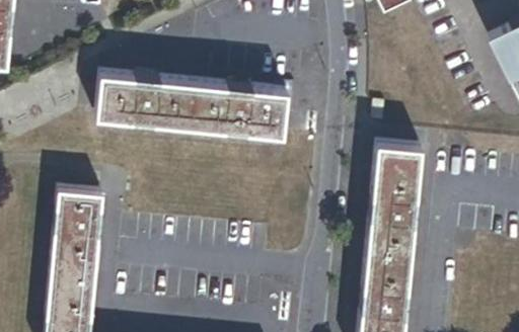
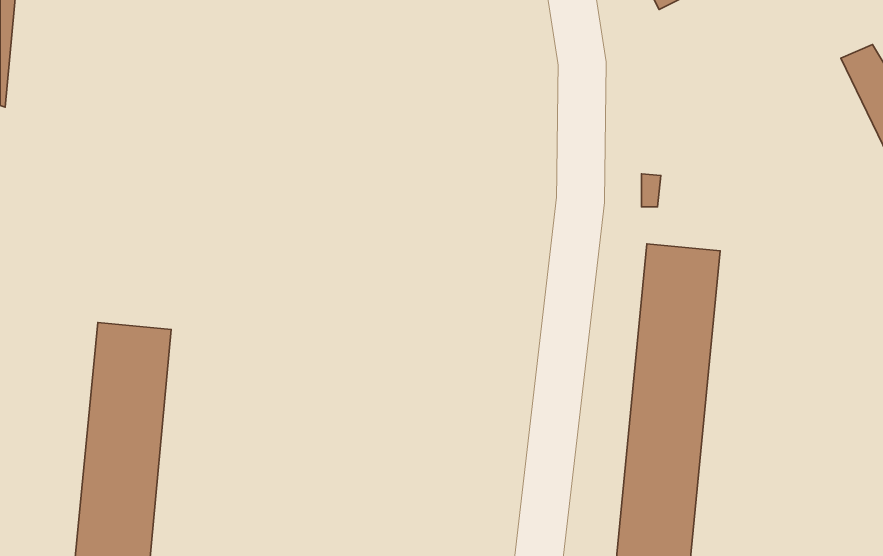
building: [91,77,289,138] -> none

